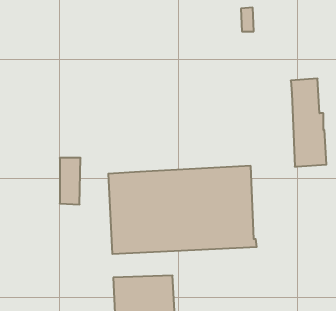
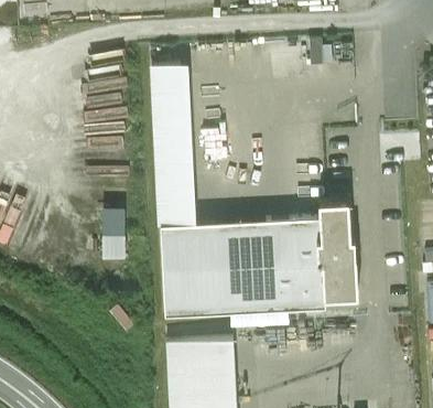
building: none -> [151,66,195,227]
building: [291,79,326,167] -> [317,202,357,300]

